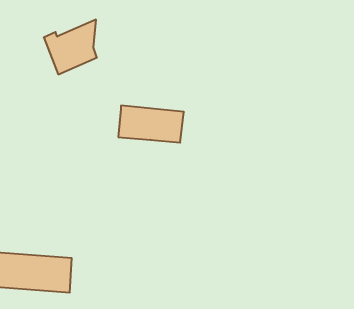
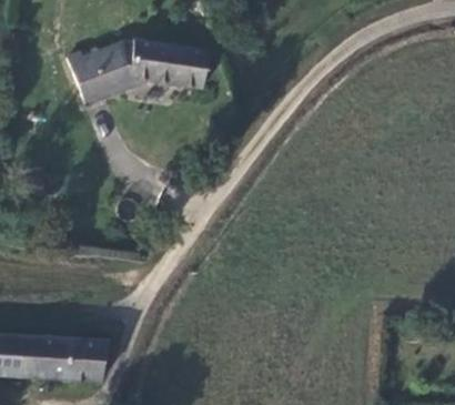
building: [118,106,184,143] -> [131,41,212,87]

